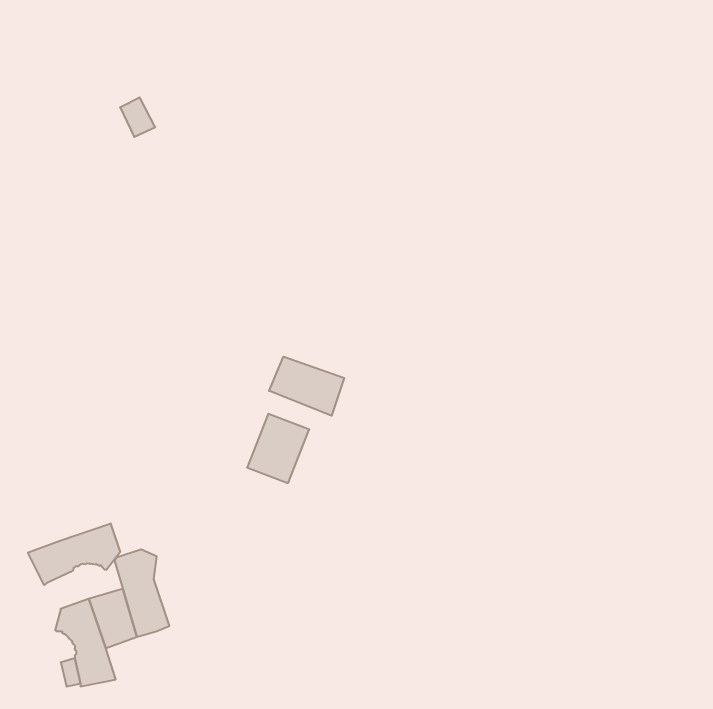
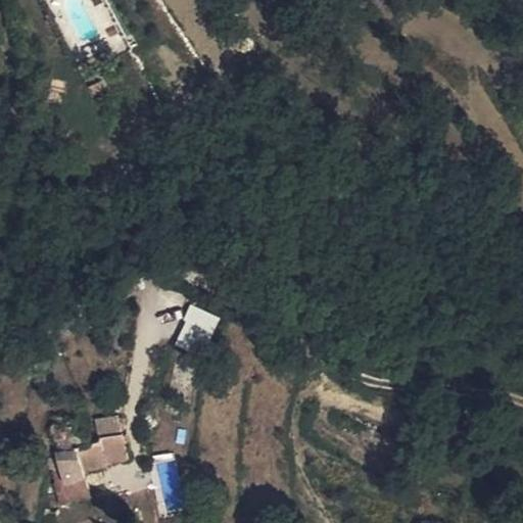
building: [269,357,344,416] -> none
building: [28,523,120,585] -> none

